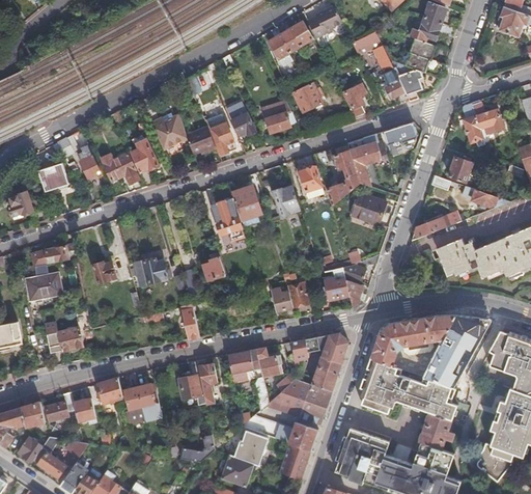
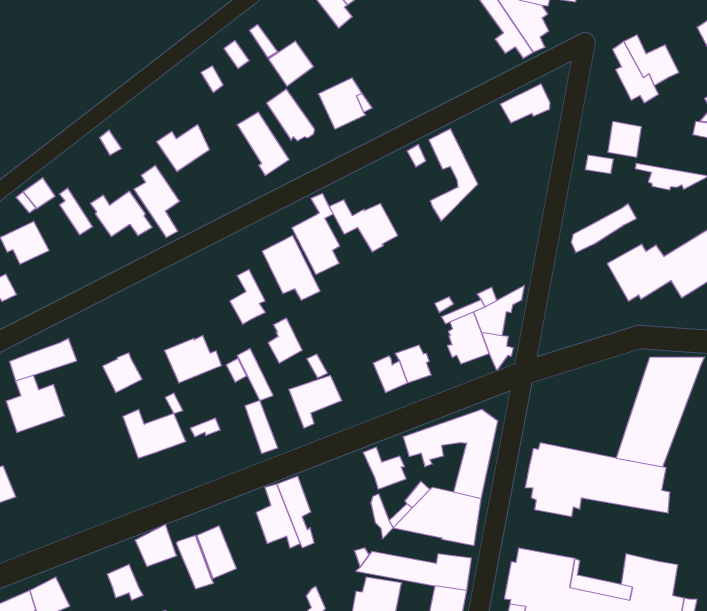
building: [294,83,323,112] -> [269,41,313,86]
building: [344,83,366,119] -> none
building: [185,127,216,154] -> none
building: [346,136,387,186] -> none
building: [299,167,327,199] -> none
building: [350,193,385,226] -> none
building: none -> [230,269,265,324]
building: [370,314,455,378] -> none
building: [44,321,83,353] -> [123,409,186,458]
building: [227,349,261,381] -> [289,375,342,428]
building: [47,391,77,420] -> none
building: [419,412,454,450] -> none

